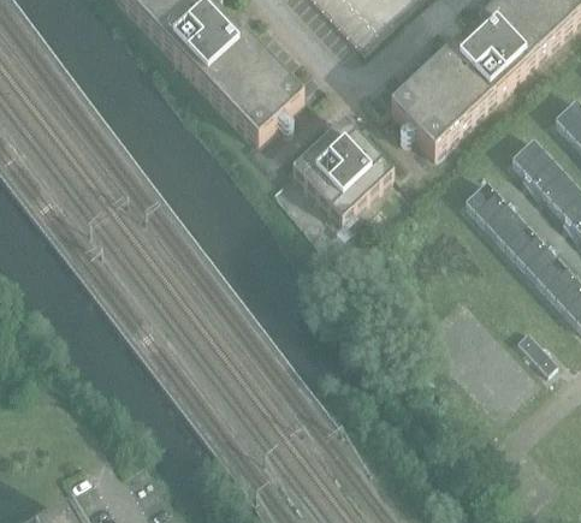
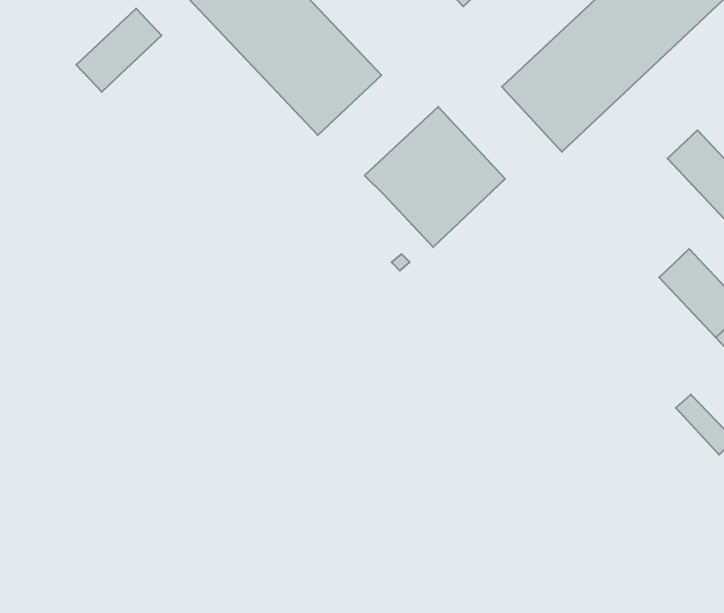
building: none -> [76,8,162,92]
building: [462,177,523,240] -> none

